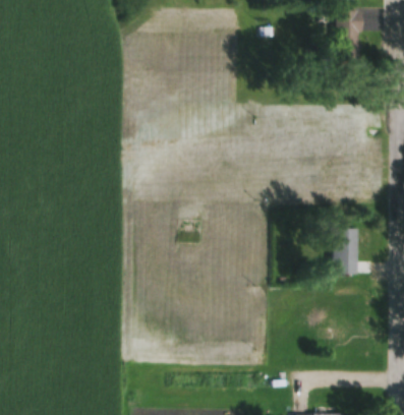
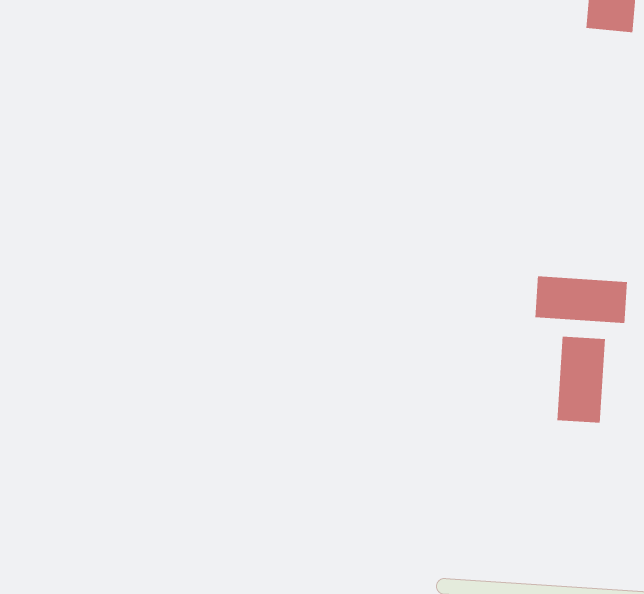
building: none -> [535,276,628,324]

